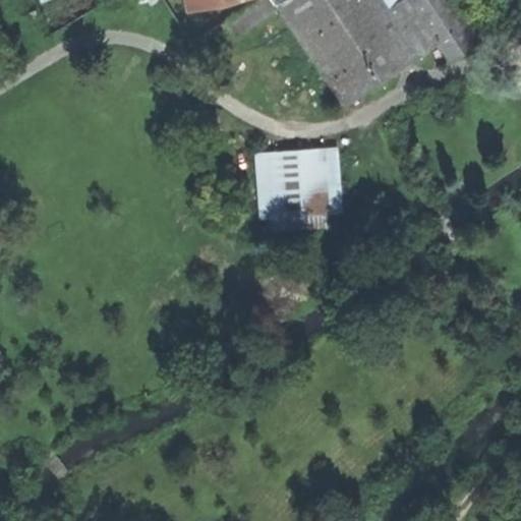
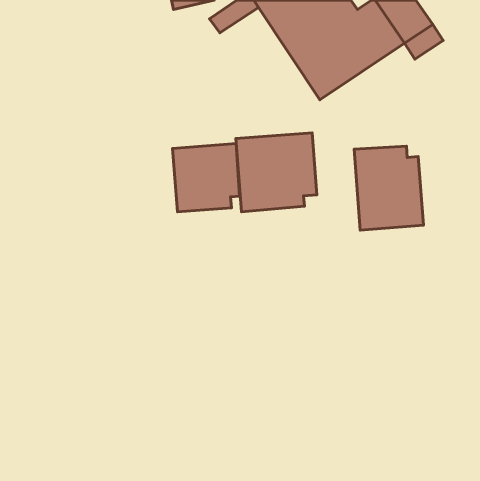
building: none -> [173,144,240,212]
building: none -> [354,146,423,230]

